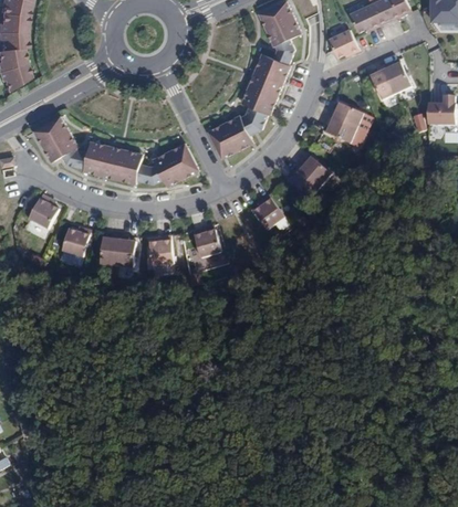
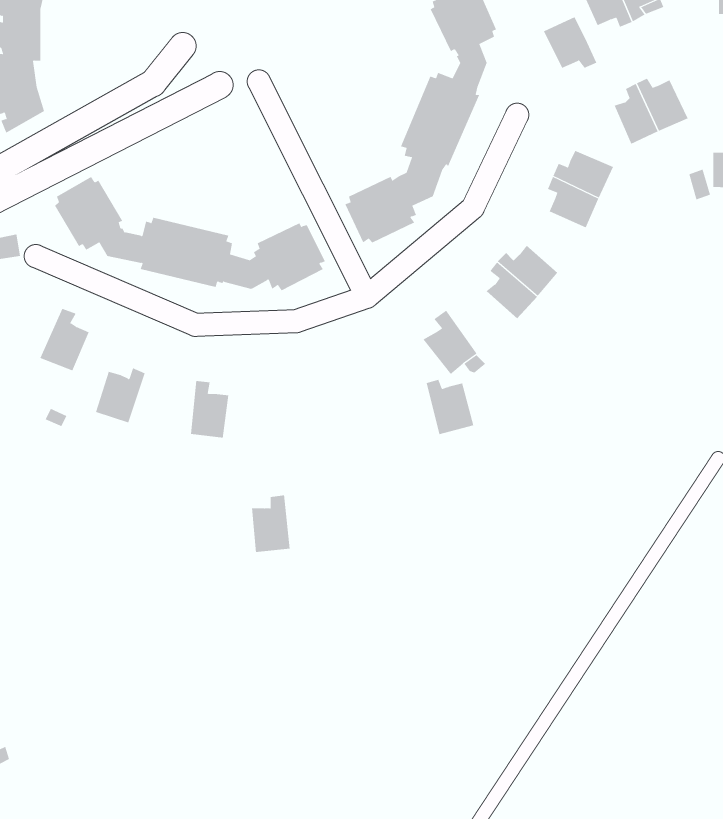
building: [195,231,223,264] -> [426,379,474,435]
building: [96,237,119,271] -> none
building: [150,242,174,276] -> [251,495,290,552]

